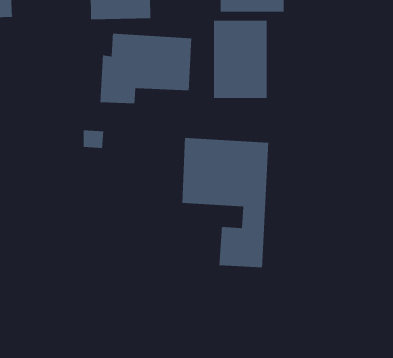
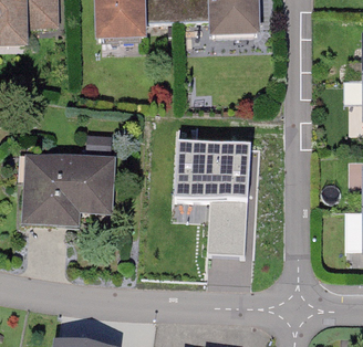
building: [213,20,268,99] -> none
building: [99,33,192,104] -> [28,164,108,225]

